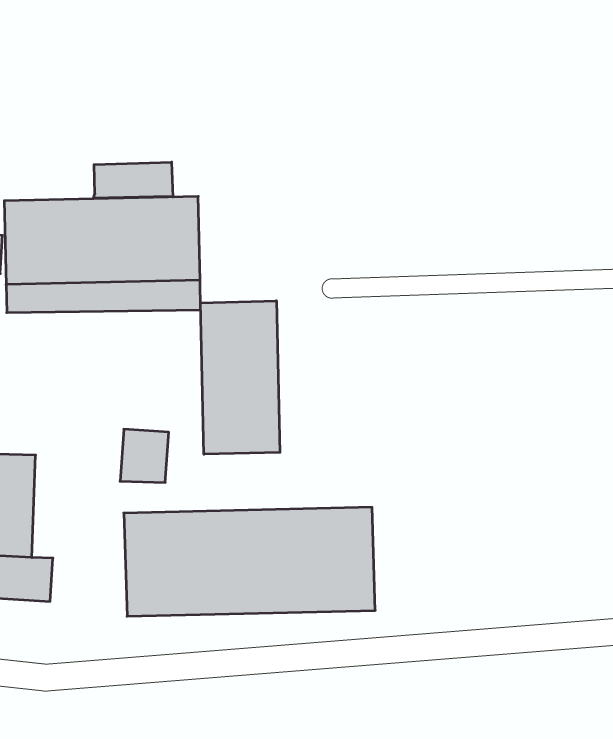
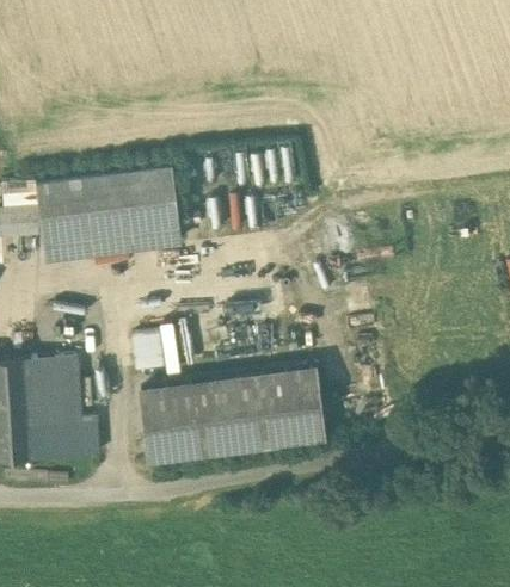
building: [94,162,173,198] -> none
building: [200,301,280,454] -> none

